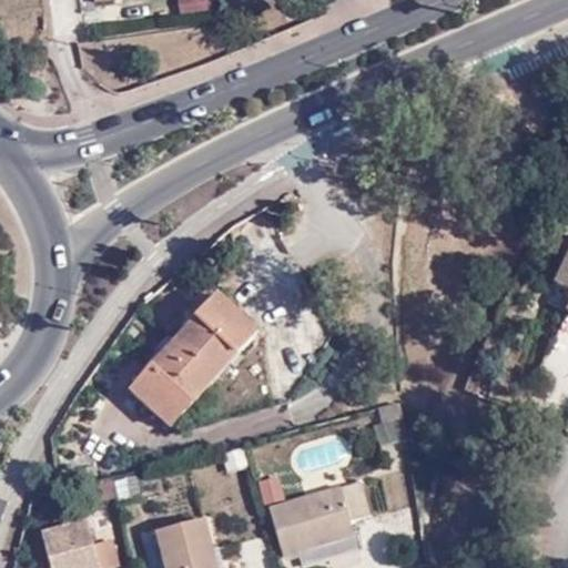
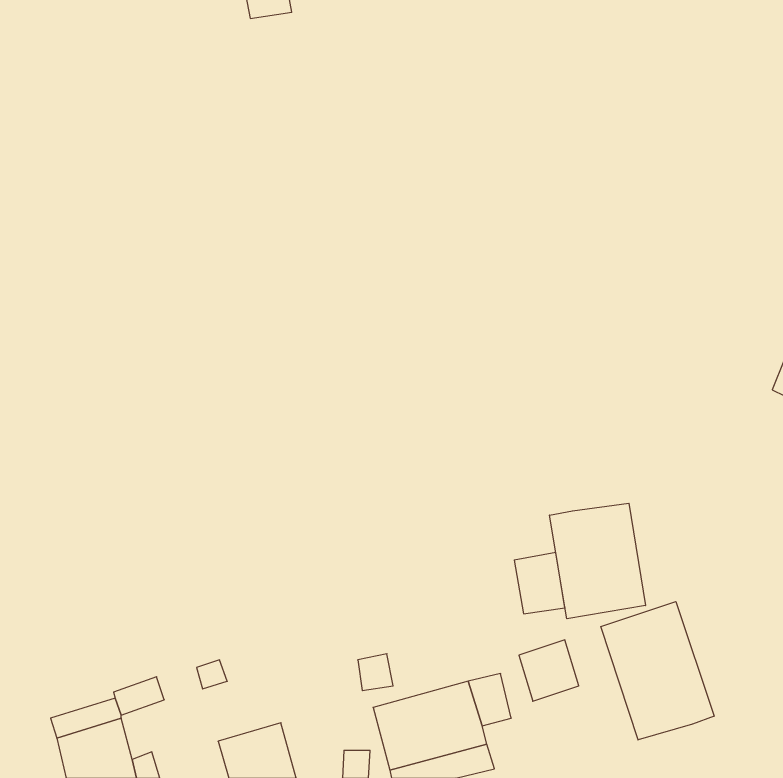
building: [131,288,253,423] -> none
building: none -> [550,503,645,619]
building: none -> [601,602,714,740]

